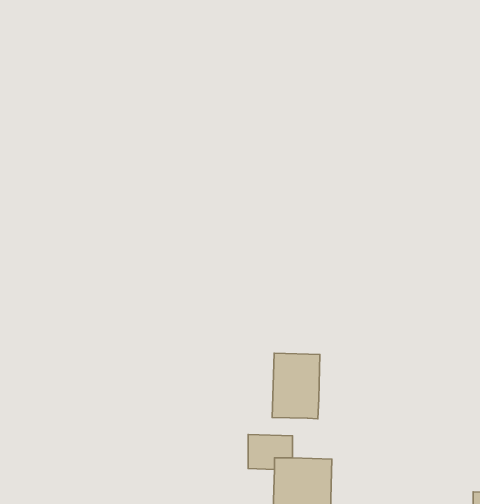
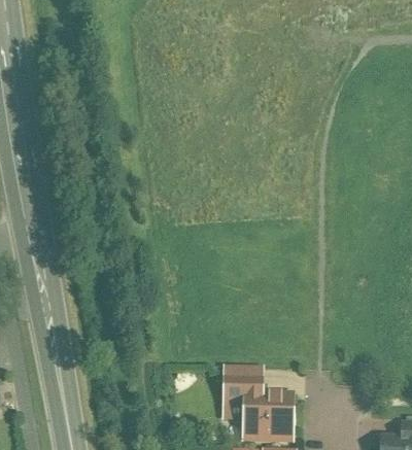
building: [272,353,320,419] -> none

